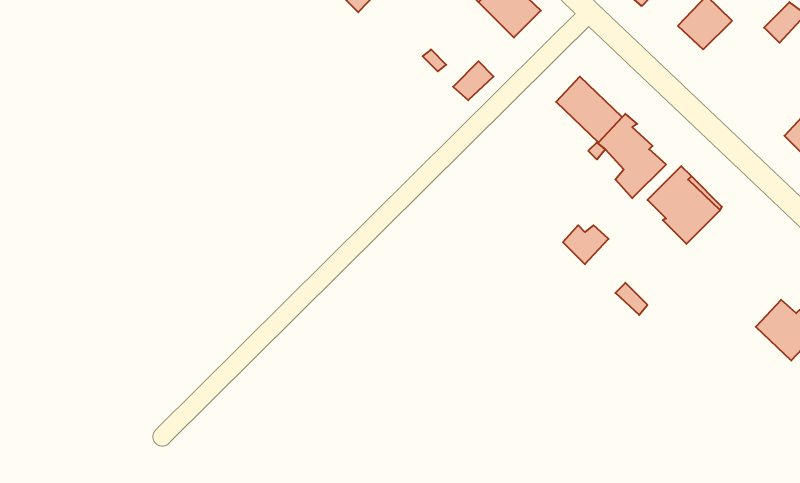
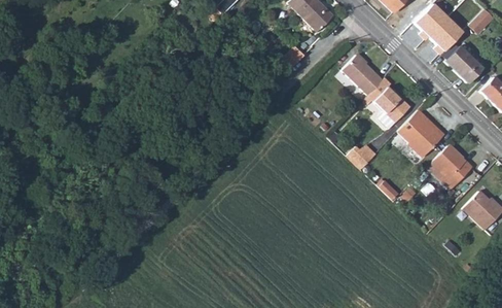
building: none -> [432,21,464,53]
building: none -> [445,46,481,81]
building: none -> [431,143,471,186]

